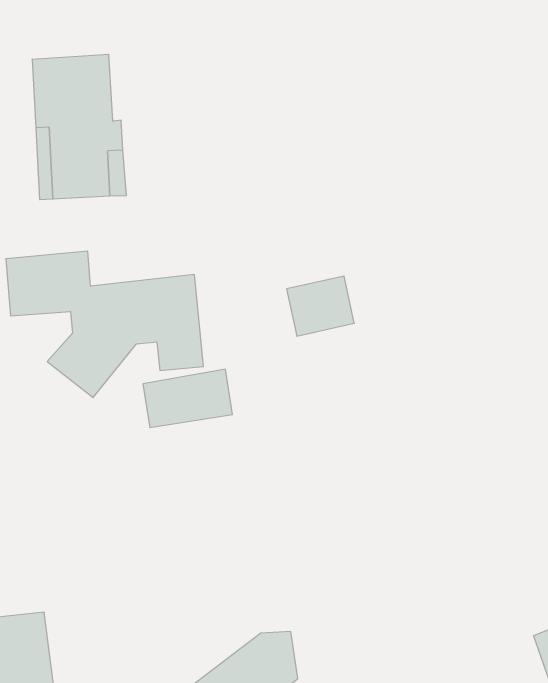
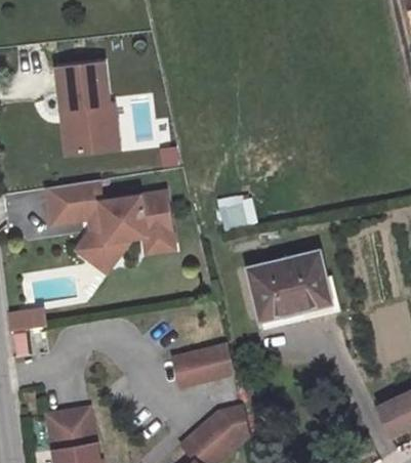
building: [143,369,232,428] -> [173,343,230,382]
building: none -> [255,264,336,330]

